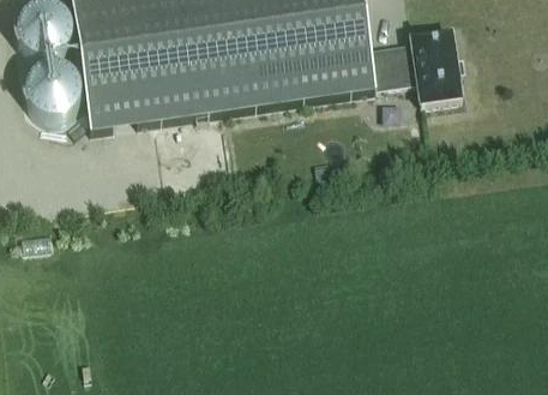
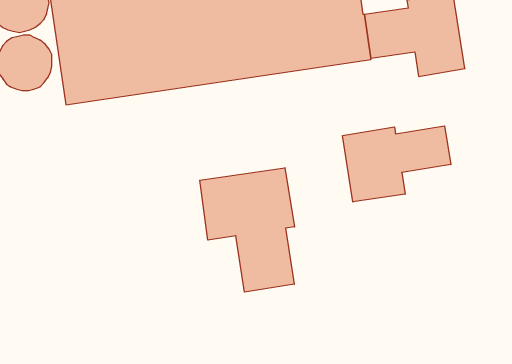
building: none -> [343,126,451,202]
building: none -> [200,168,294,292]

